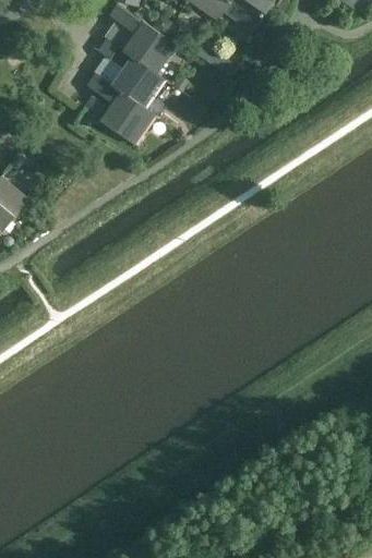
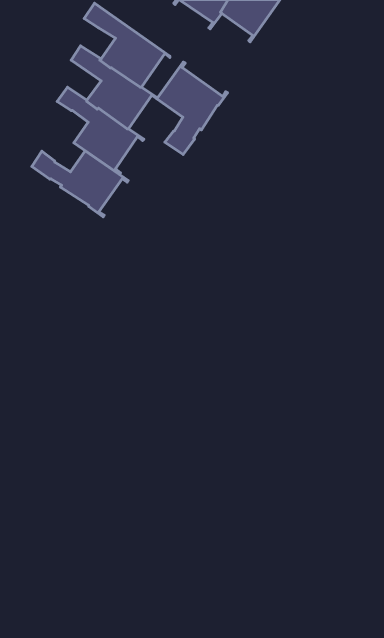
building: none -> [157,62,228,155]
building: none -> [32,151,128,217]

